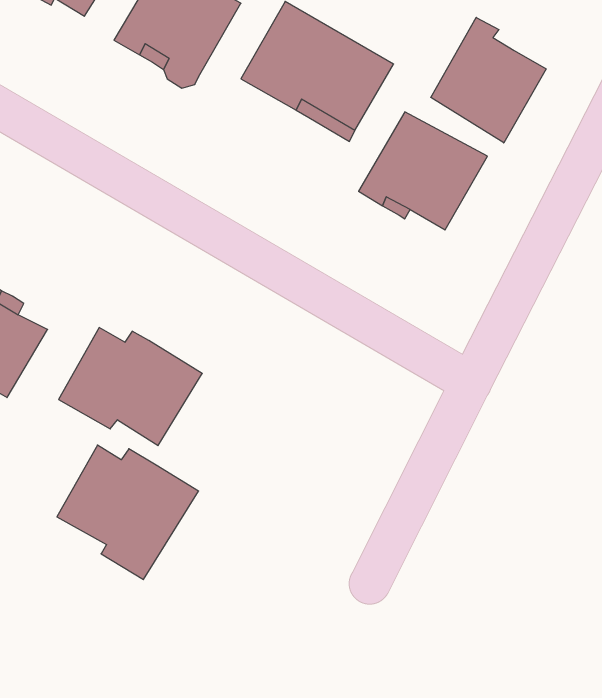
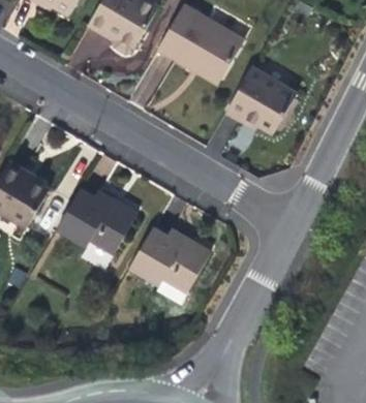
building: [431,17,546,143] -> none
building: [57,445,199,580] -> [127,226,207,302]

